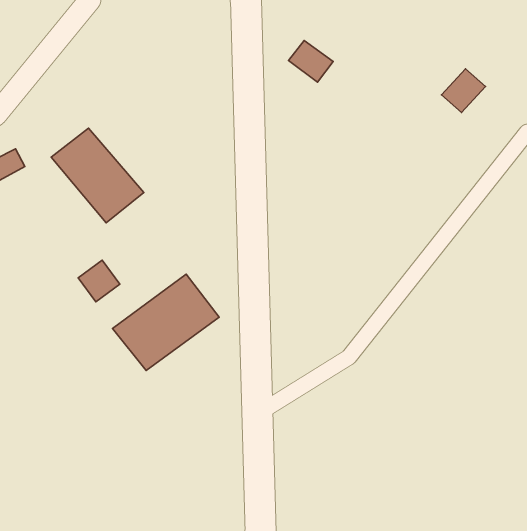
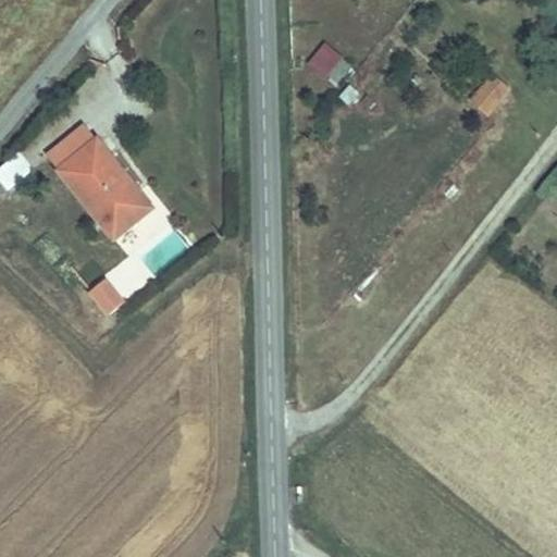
building: [113,274,219,370] -> none

